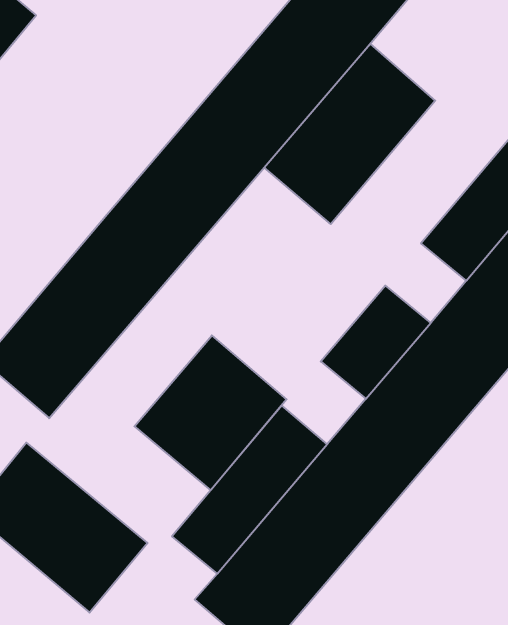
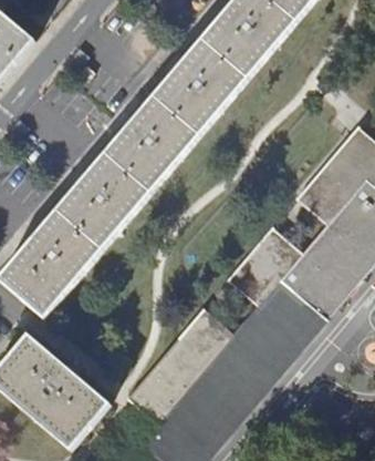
building: [264,44,435,224] -> none
building: [134,335,287,490] -> none

